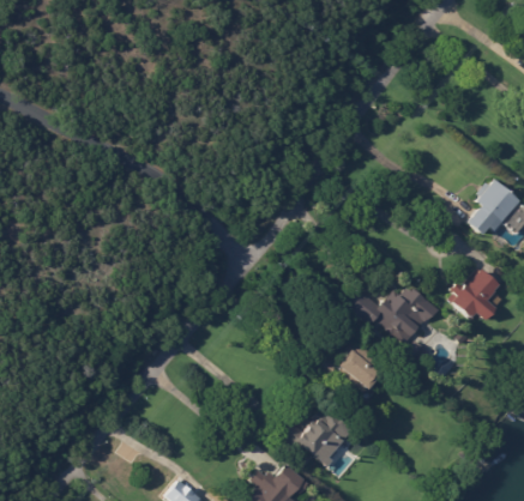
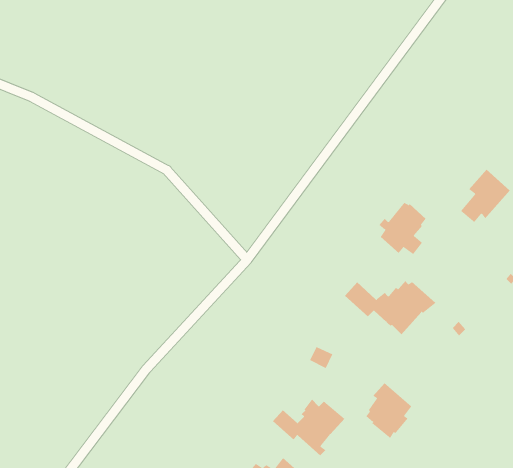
building: [454,268,502,321] -> [379,202,426,255]
building: [341,339,387,396] -> [365,383,412,439]

